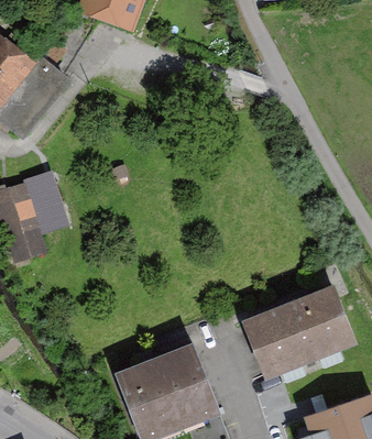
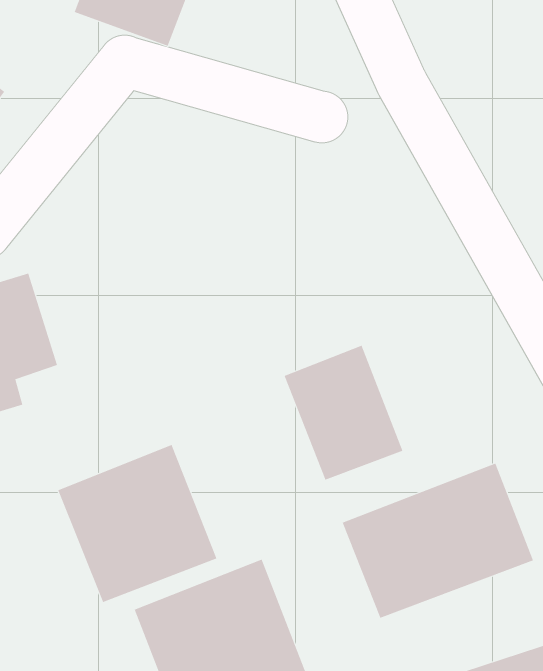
building: none -> [284,345,403,480]
building: none -> [57,444,217,603]

